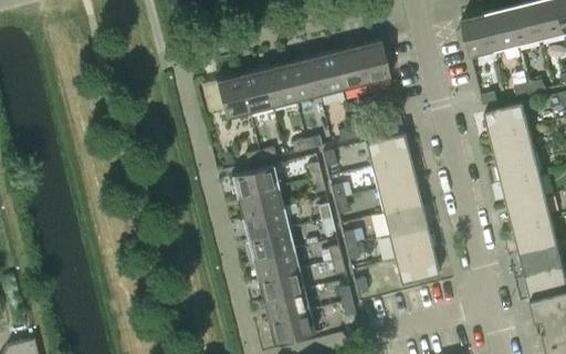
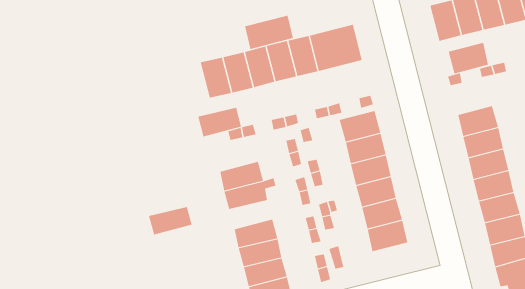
building: none -> [245,15,293,50]
building: [485,103,530,137] -> [448,42,489,74]
building: [231,166,279,198] -> [198,107,242,137]
building: [247,229,294,260] -> [148,206,193,235]

